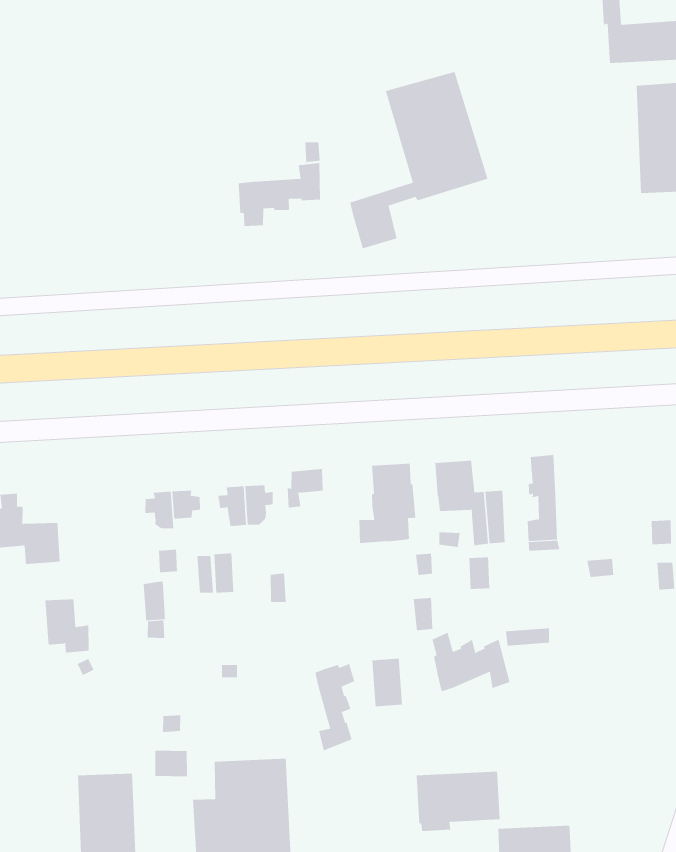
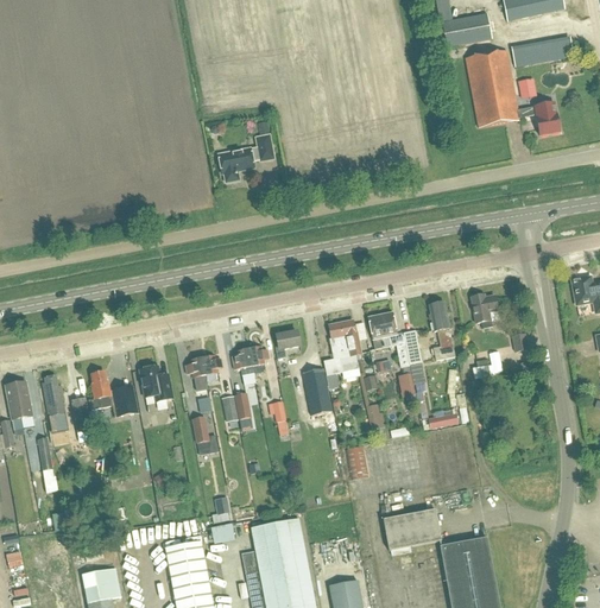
building: [349,71,488,249] -> none
building: none -> [472,294,498,328]
building: none -> [302,368,331,414]
building: [44,599,90,653] -> [139,366,172,401]
building: [432,632,510,692] -> none
building: [315,663,355,751] -> none

